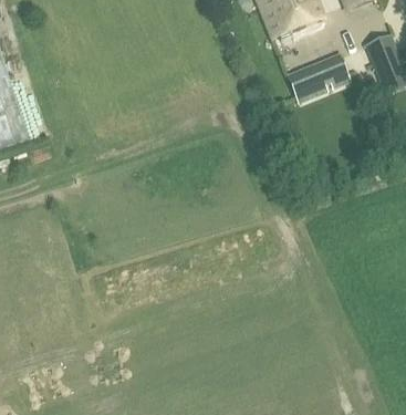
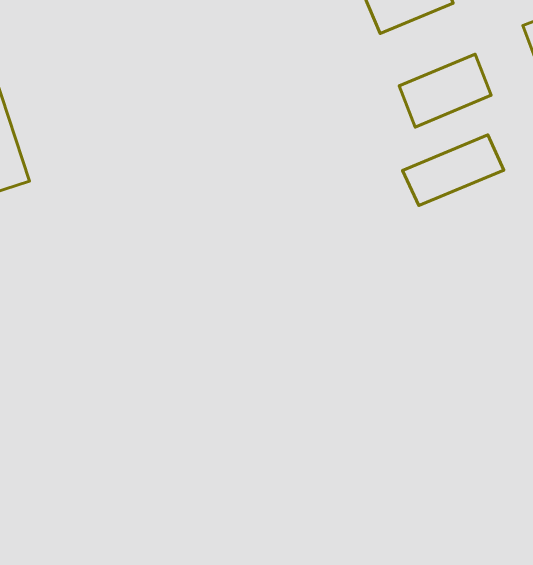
building: none -> [403,135,504,206]

